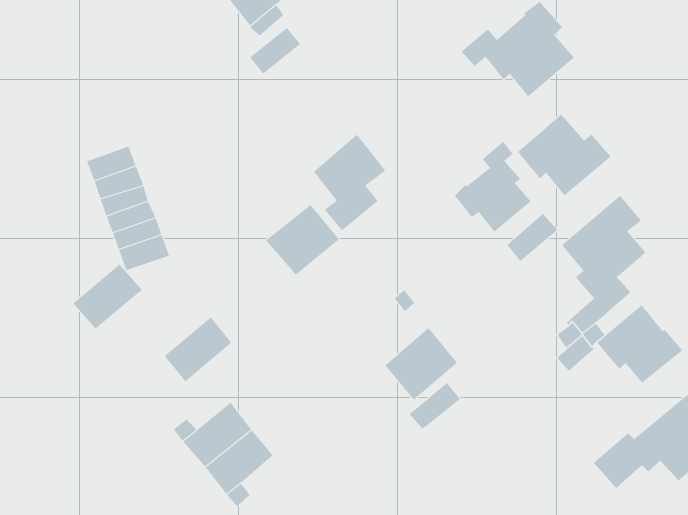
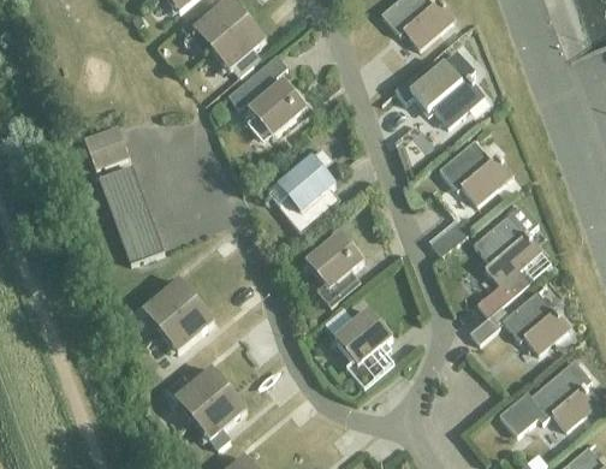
building: none -> [249,78,307,136]
building: none -> [84,125,130,167]
building: [454,141,532,232] -> none
building: [265,204,340,276] -> [305,231,364,287]
building: [72,264,142,329] -> [142,278,197,330]

